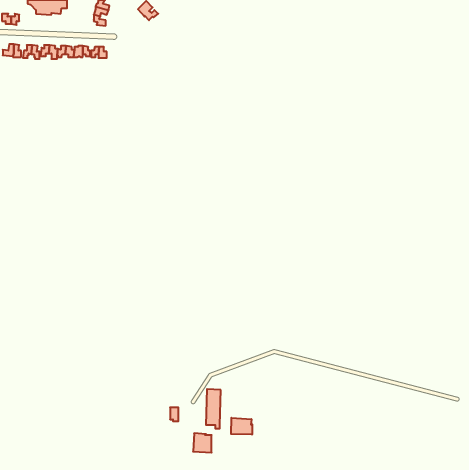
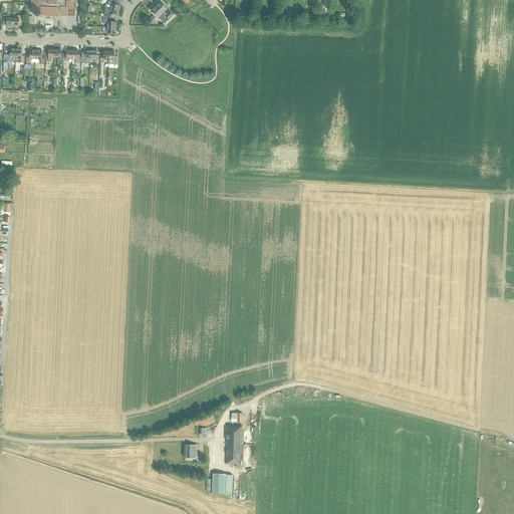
building: [231,418,252,435] -> none

